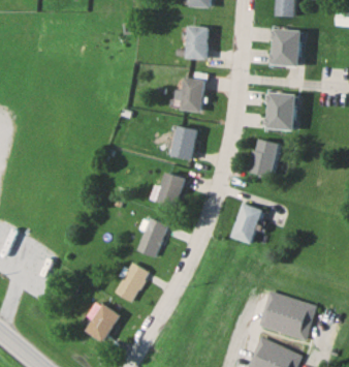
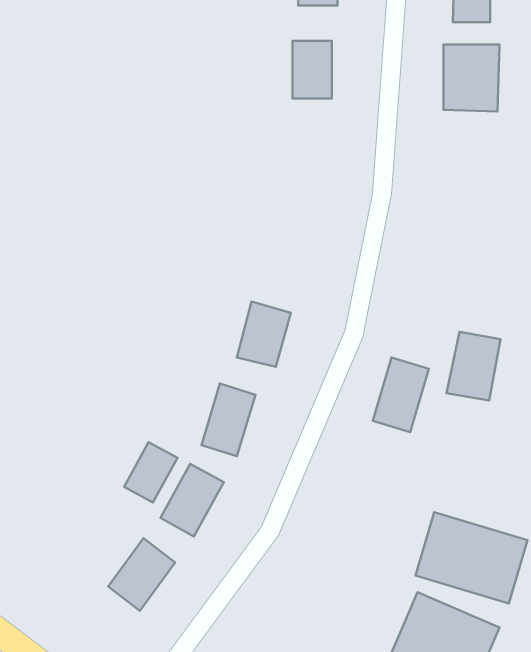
building: [180,78,204,113] -> none
building: [264,91,296,130] -> none
building: [170,125,196,159] -> none
building: [249,139,279,177] -> [446,332,500,401]
building: none -> [124,442,177,503]

